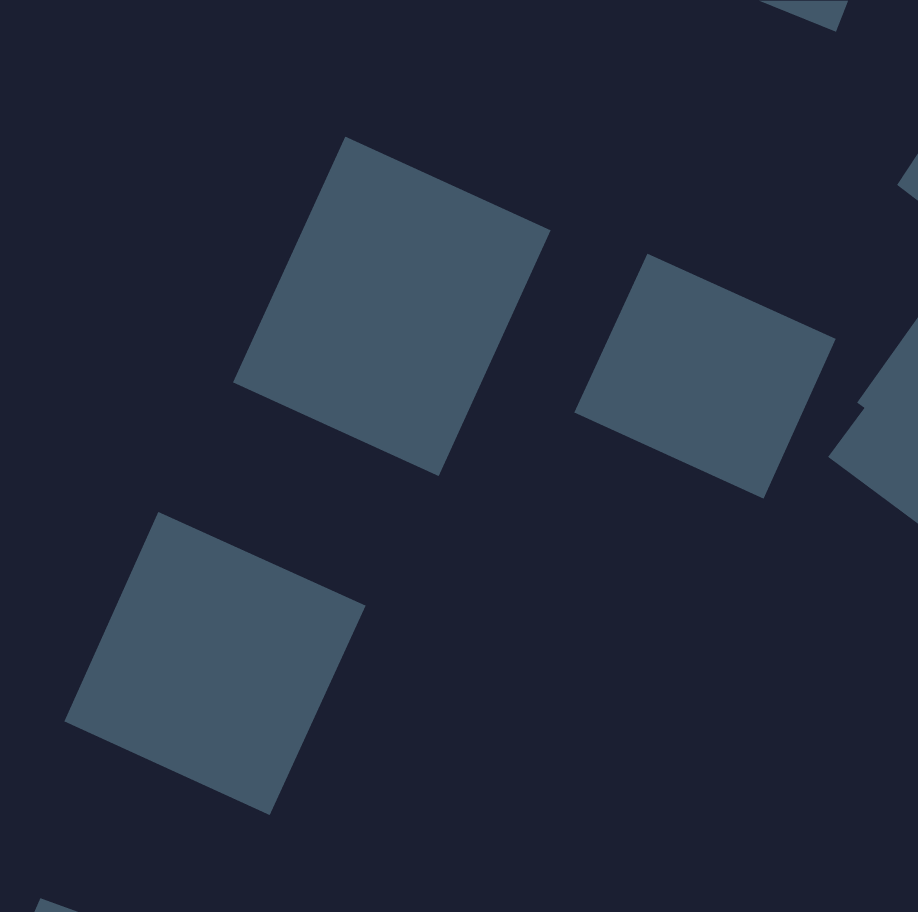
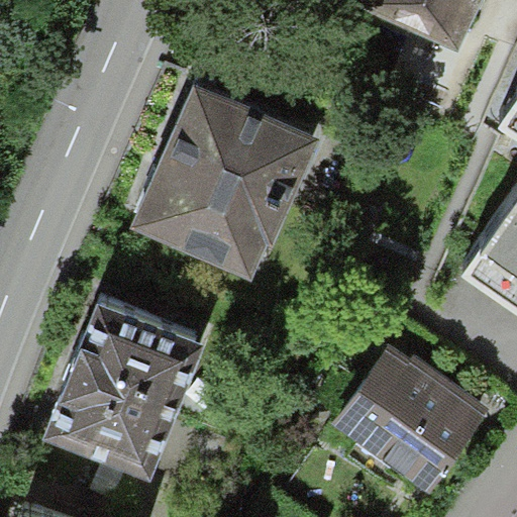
building: [573,253,836,499] -> none
building: none -> [340,352,492,501]

